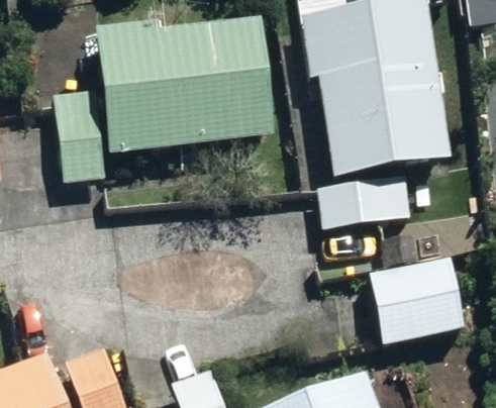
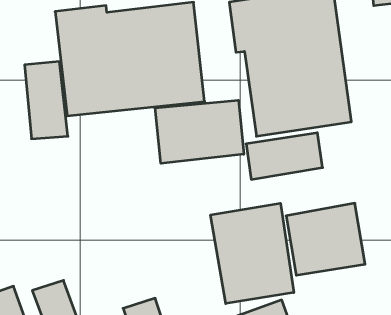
building: none -> [155,100,244,163]
building: none -> [211,203,294,304]

